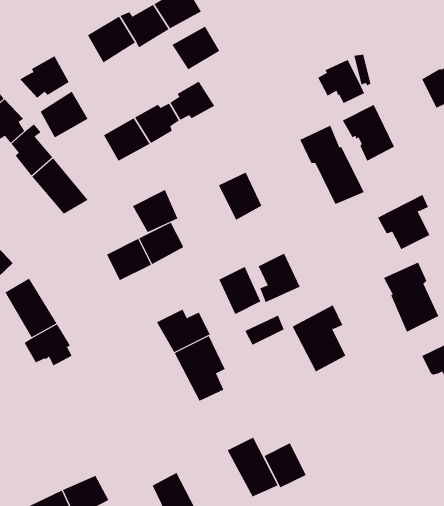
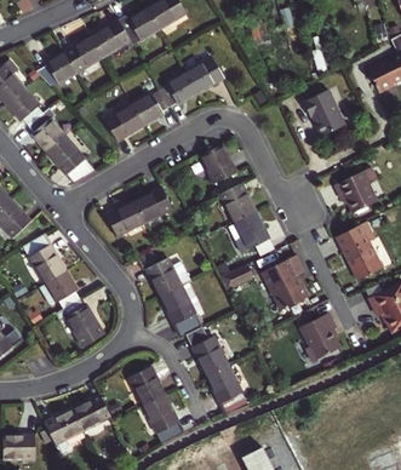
building: [172,26,220,70] -> [184,56,224,92]
building: [318,59,365,104] -> none
building: [40,91,88,138] -> [65,34,105,73]
building: [299,125,365,205] -> none
building: [132,189,178,233] -> none
building: [219,266,261,315] -> [219,184,254,224]
building: none -> [56,298,103,343]
building: none -> [298,314,339,363]
building: none -> [132,368,166,405]
building: [264,443,306,488] -> [194,338,229,376]

